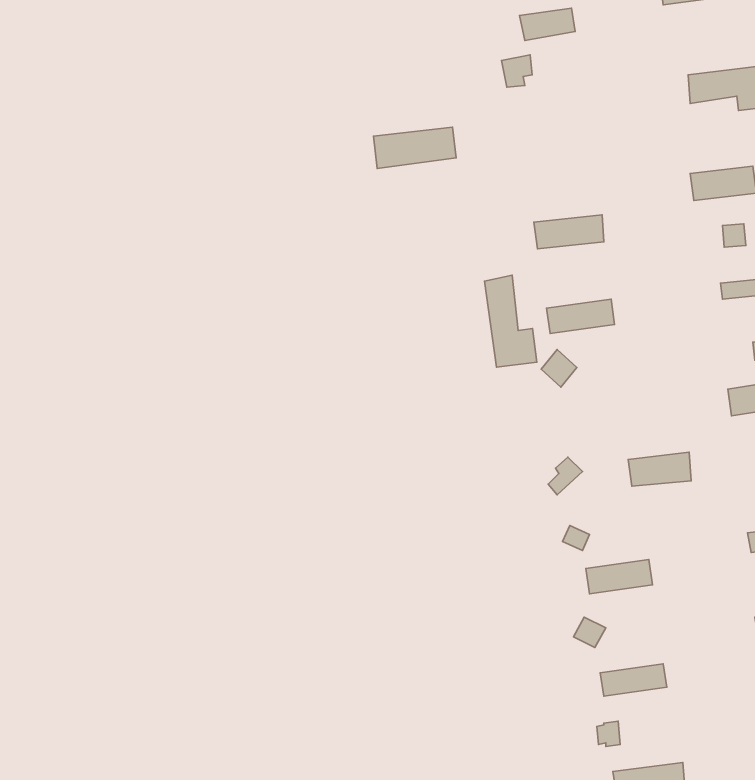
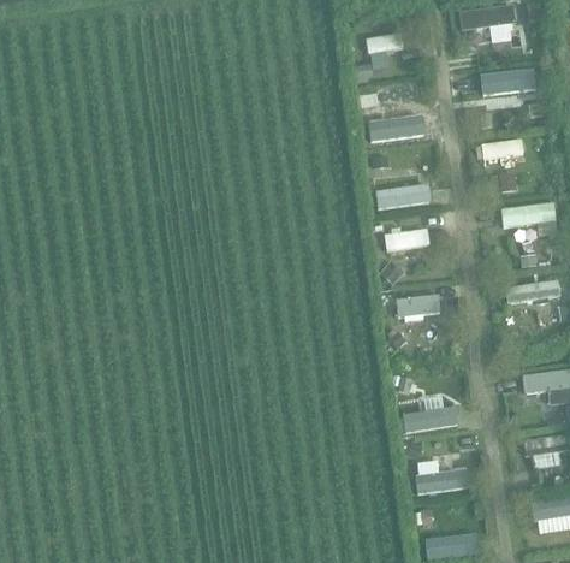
building: [374,127,456,169] -> [372,117,427,144]
building: [484,275,537,367] -> none
building: [628,452,691,486] -> [398,292,440,315]

